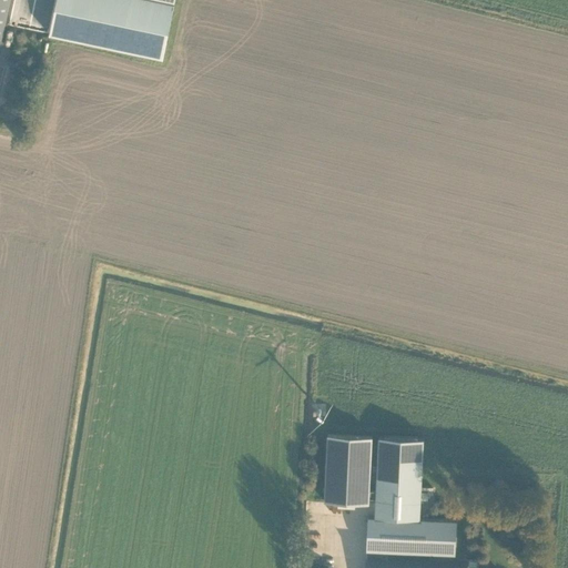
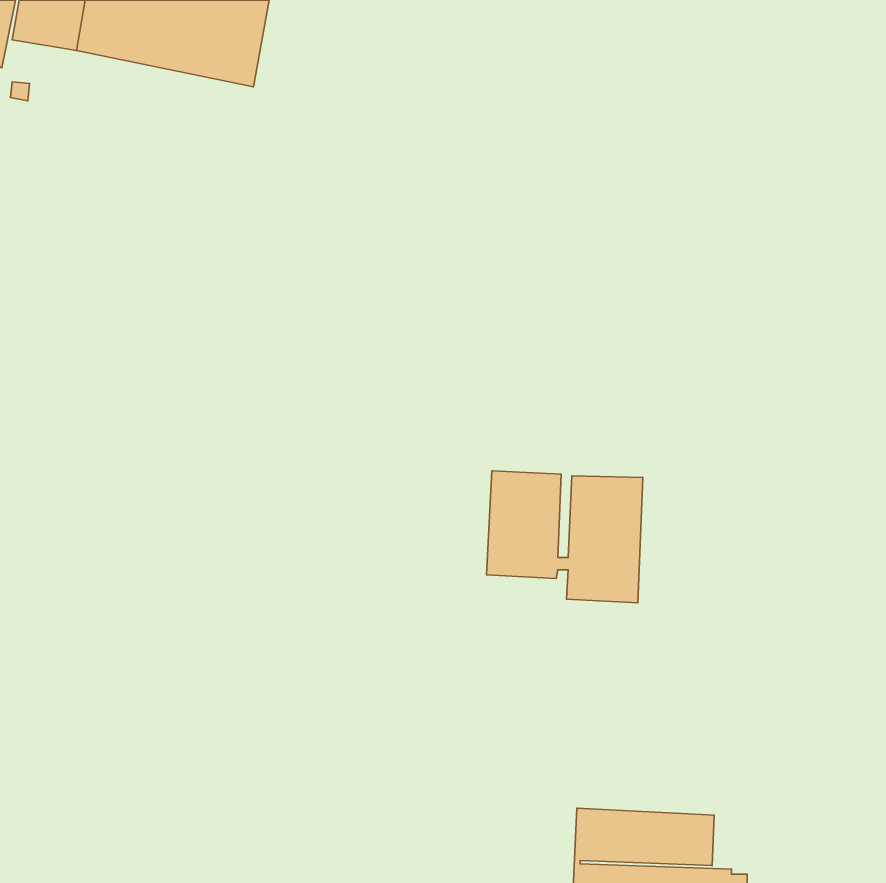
building: [323,436,423,520] -> [487,471,643,603]

